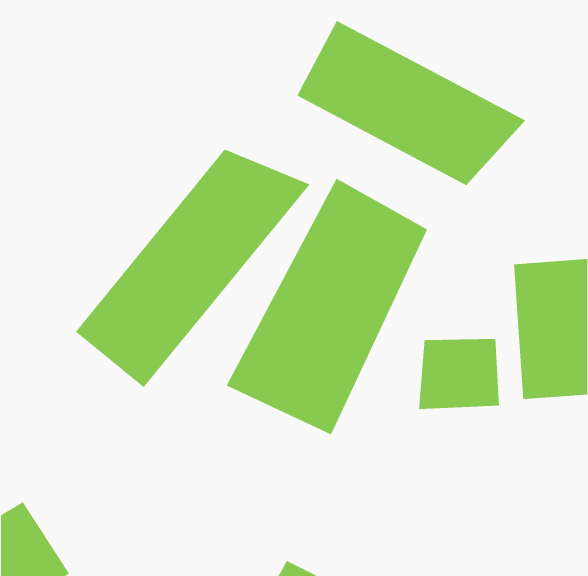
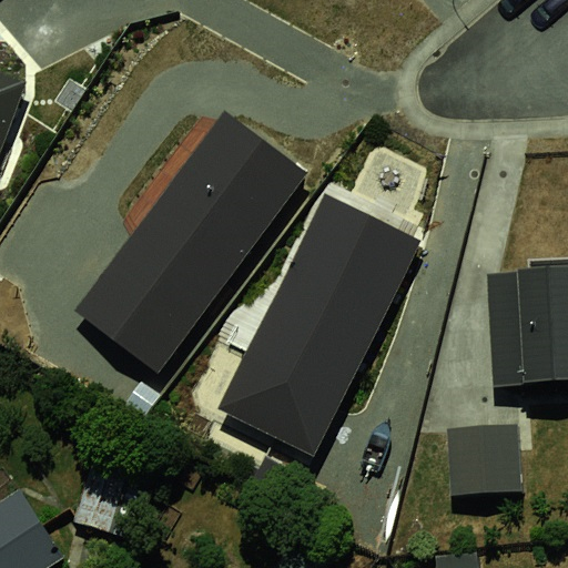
building: [296,20,526,186] -> none
building: [418,338,500,410] -> [448,434,527,503]

